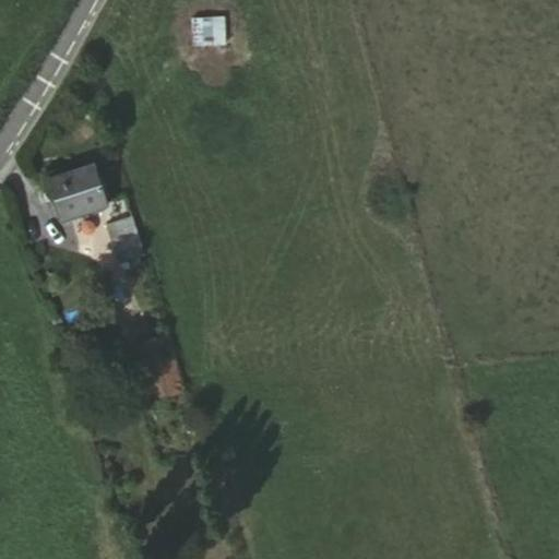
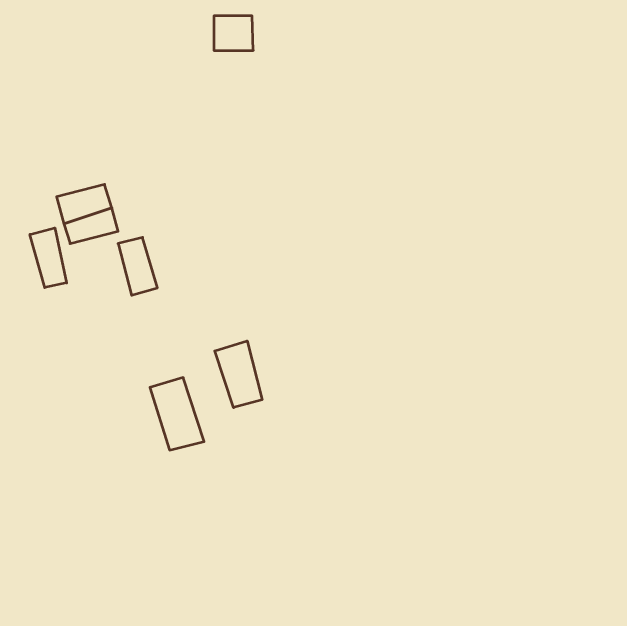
building: none -> [30,228,67,288]
building: none -> [215,341,262,408]

